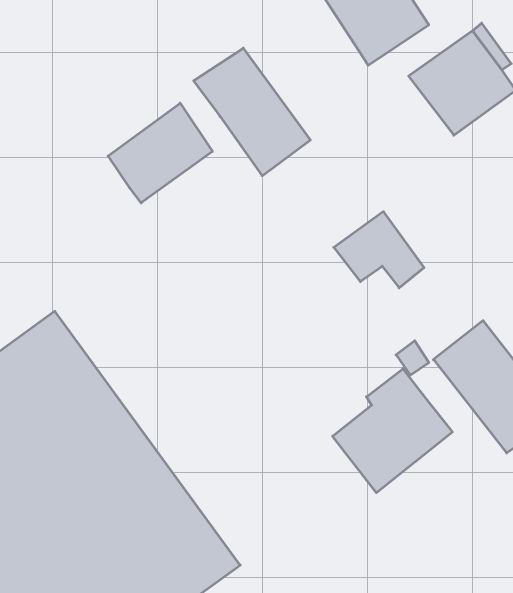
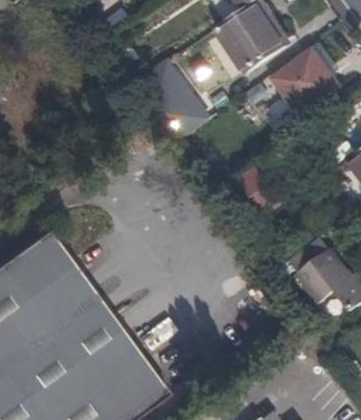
building: [108,103,212,203] -> none
building: [333,369,452,493] -> none

